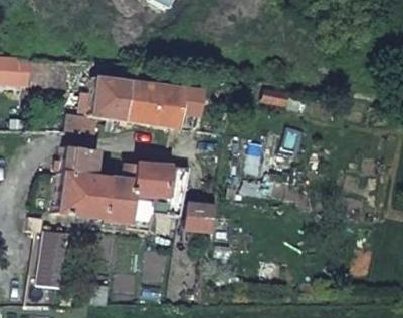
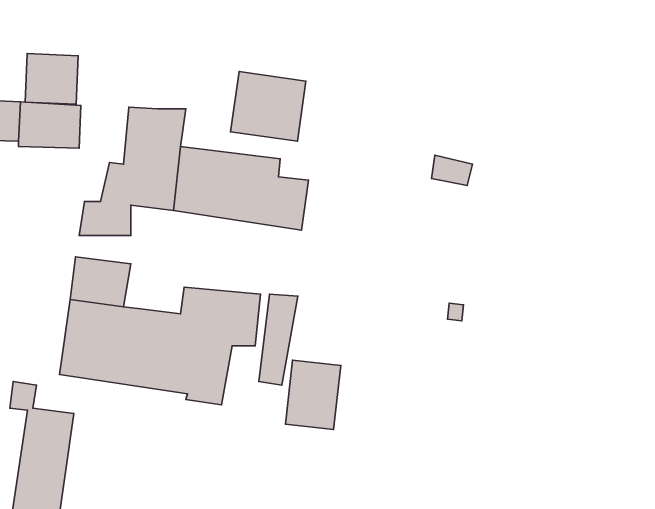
building: none -> [25,54,78,104]
building: none -> [230,72,306,141]

